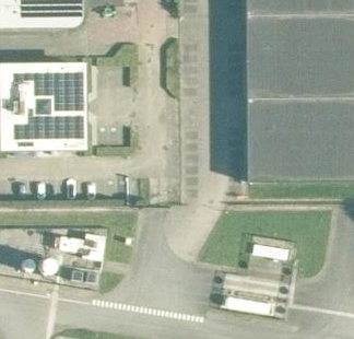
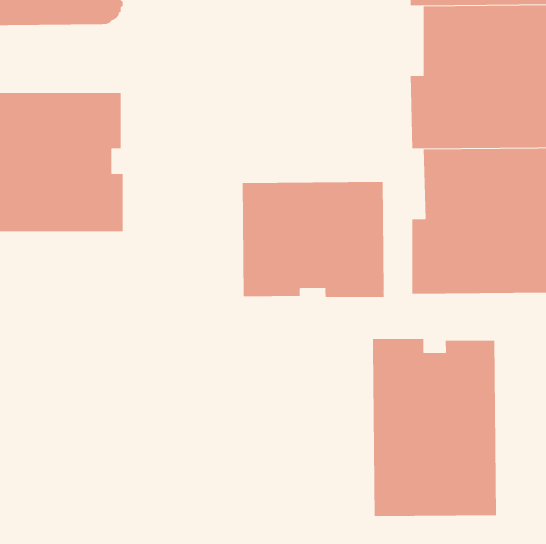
building: none -> [242,181,384,298]
building: none -> [373,338,497,517]

